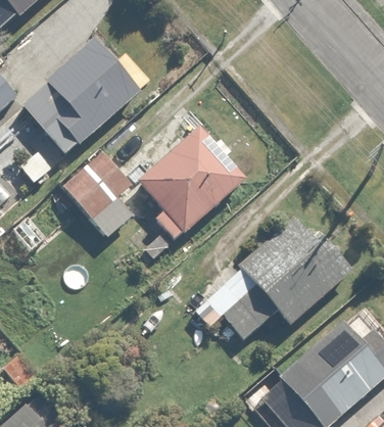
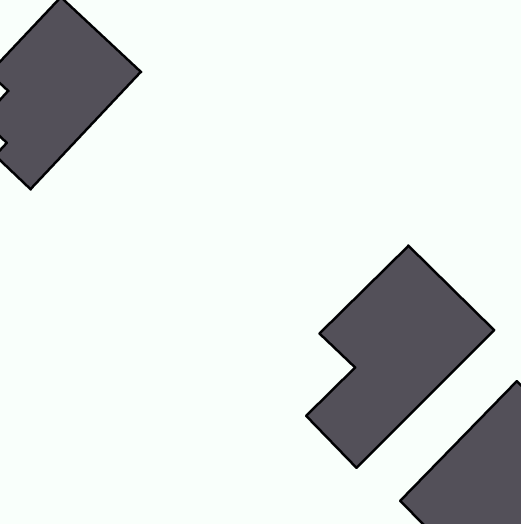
building: [137,126,243,243] -> none
building: [59,151,137,241] -> none

